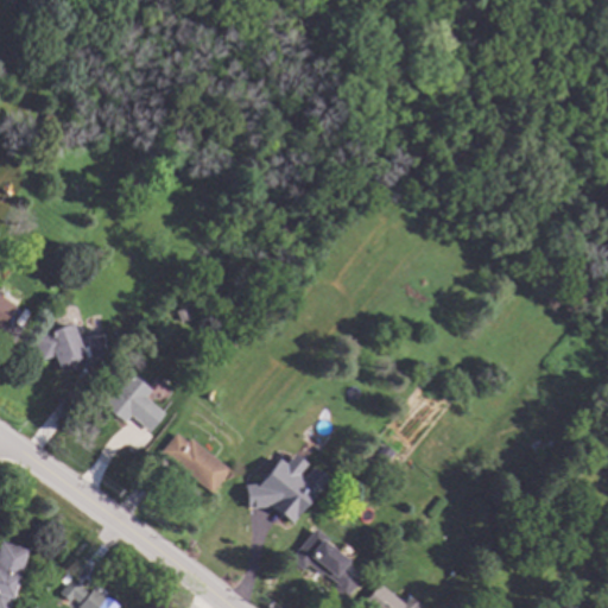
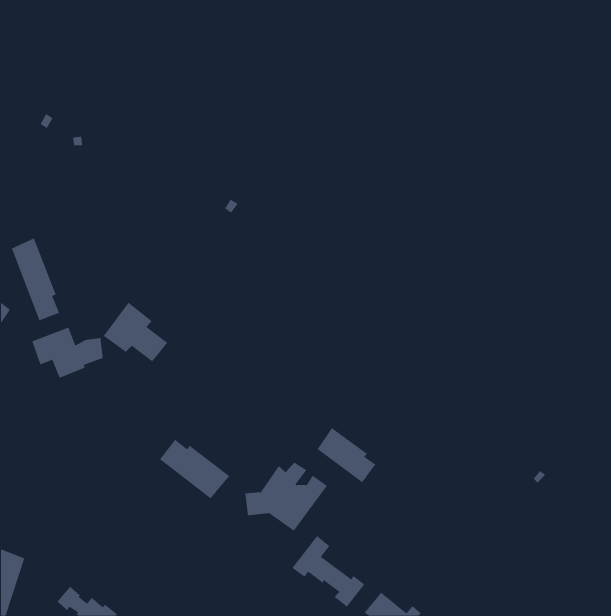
building: none -> [11,237,60,321]
building: [103,372,167,431] -> [103,302,168,362]
building: none -> [317,427,376,483]

